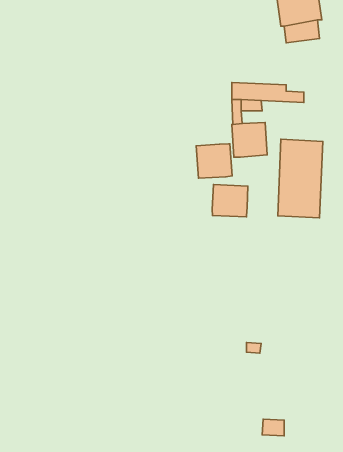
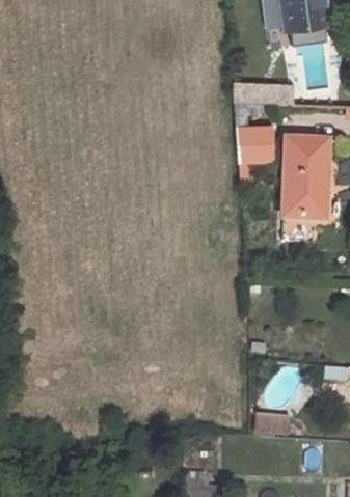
building: [196,144,232,178] -> none
building: [212,185,248,217] -> none

